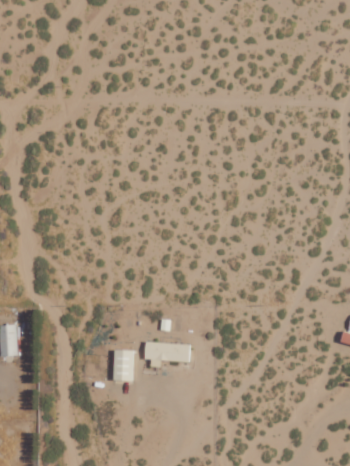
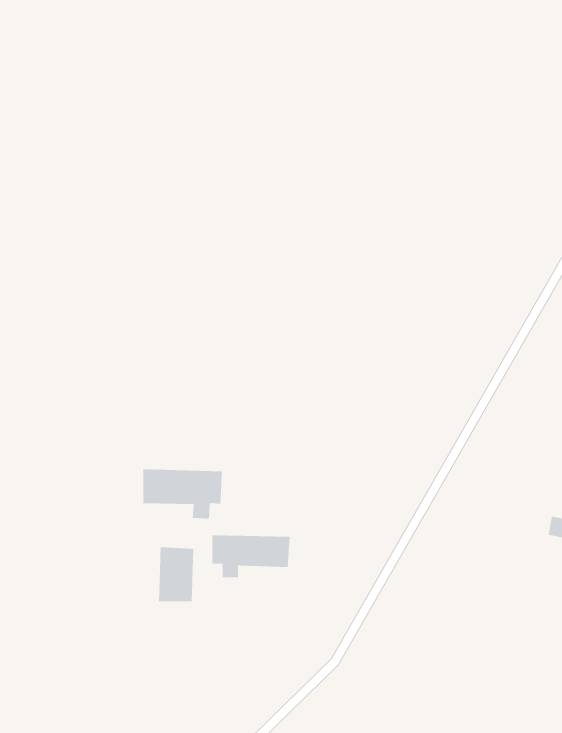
building: none -> [143,468,222,519]

